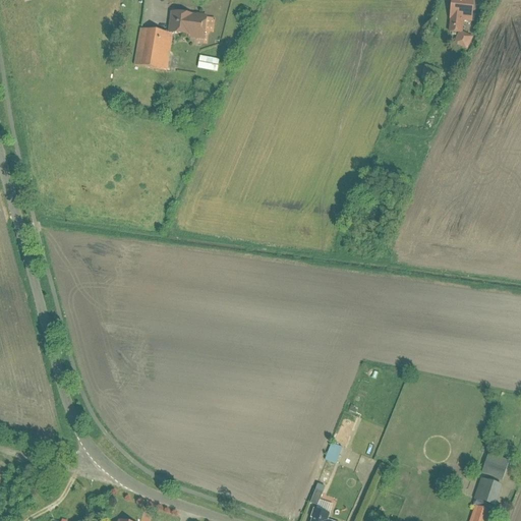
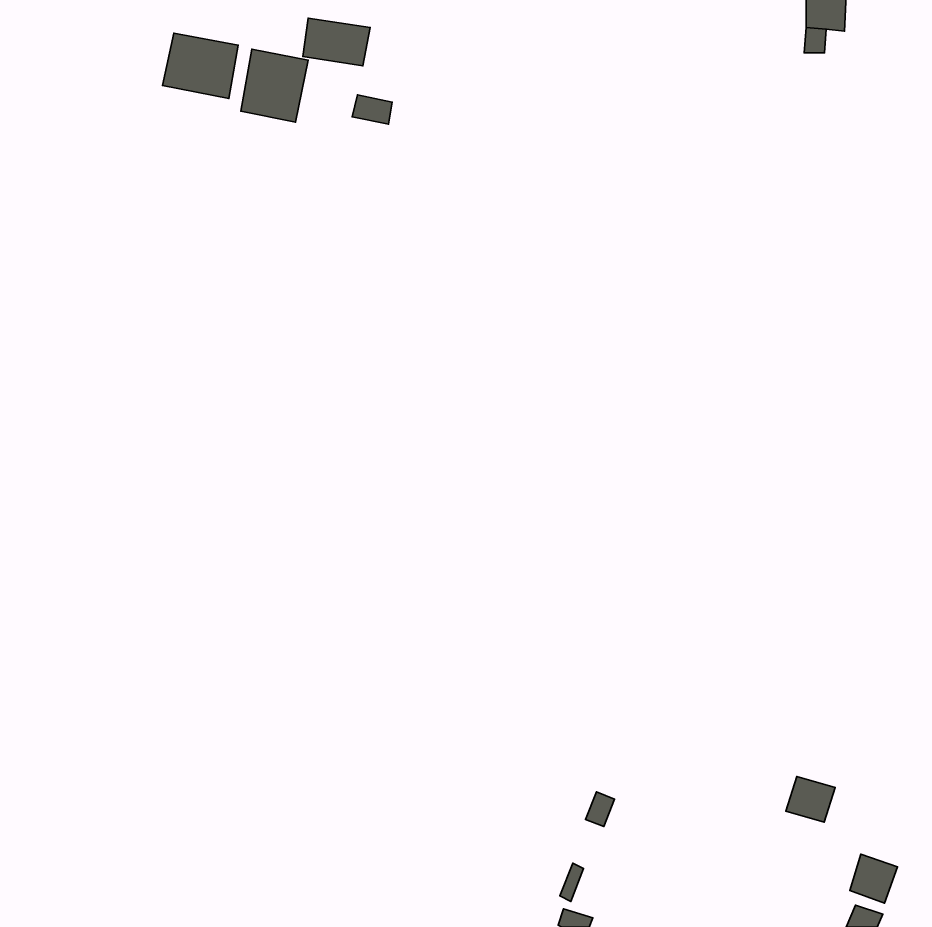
building: none -> [162,33,238,98]
building: [482,454,510,479] -> [786,776,835,822]

